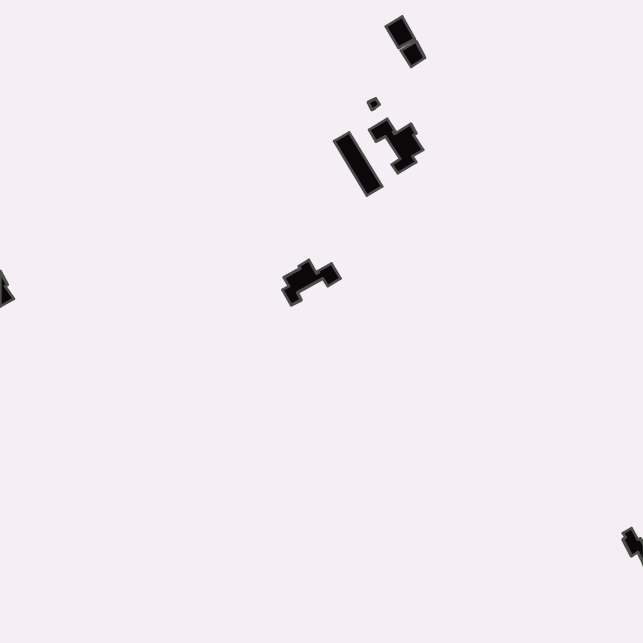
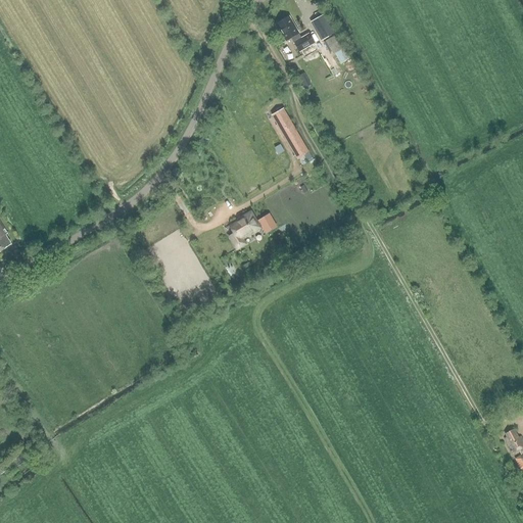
building: none -> [276,14,316,51]
building: [369,119,423,173] -> none

